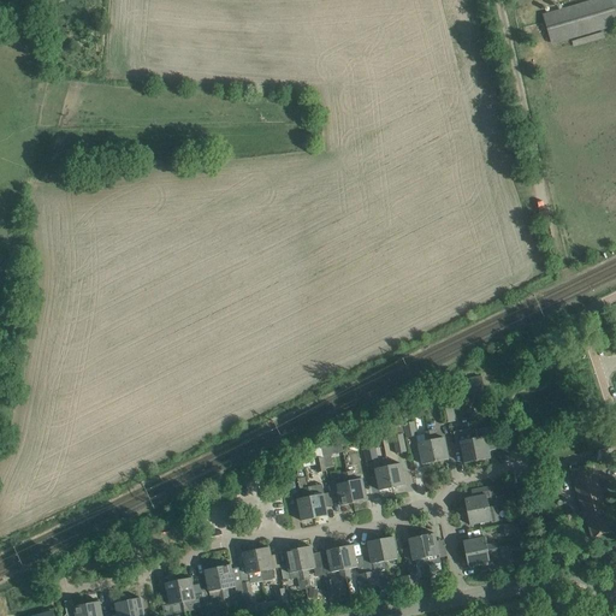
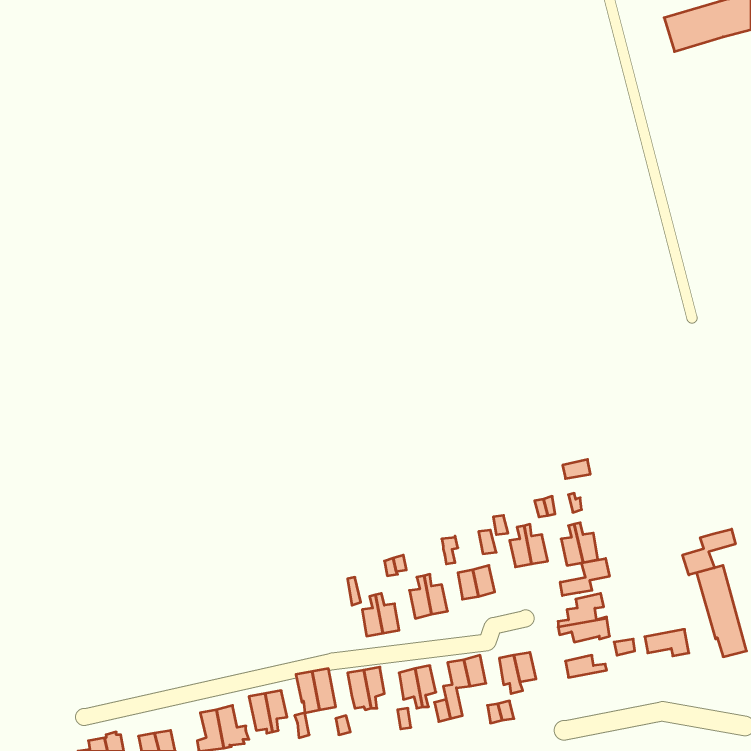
building: none -> [683,529,735,575]
building: none -> [560,558,609,596]
building: [464,547,500,569] -> [645,629,689,656]

